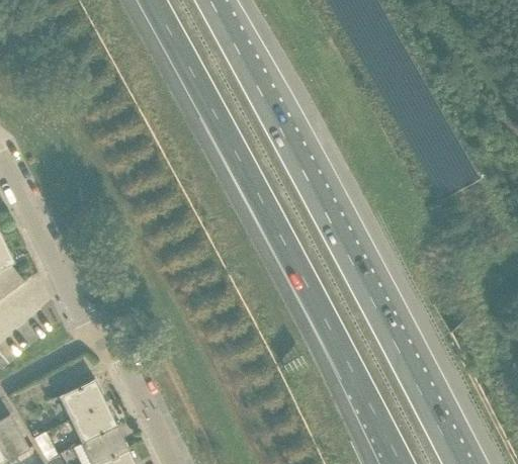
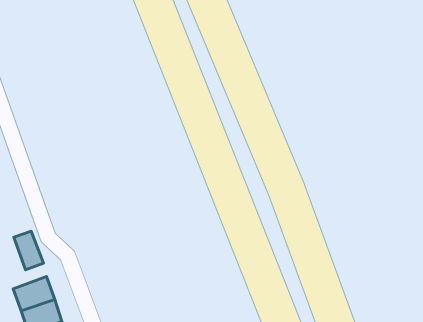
building: none -> [14,231,44,270]

